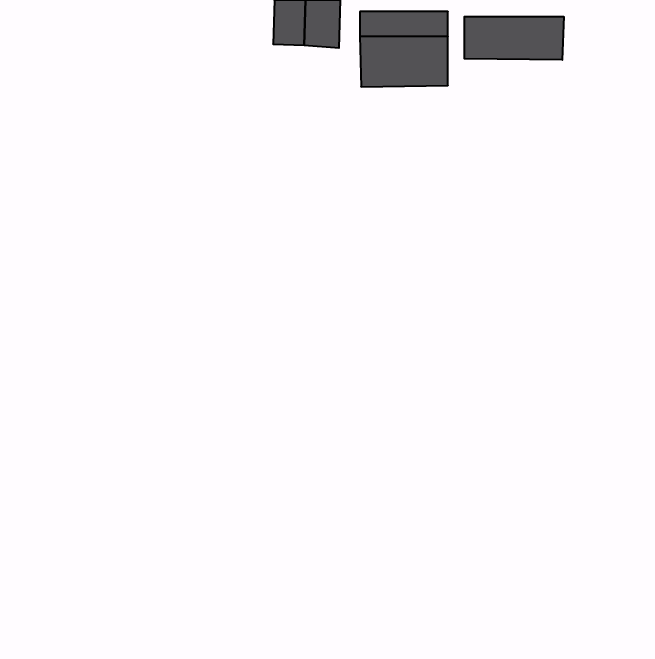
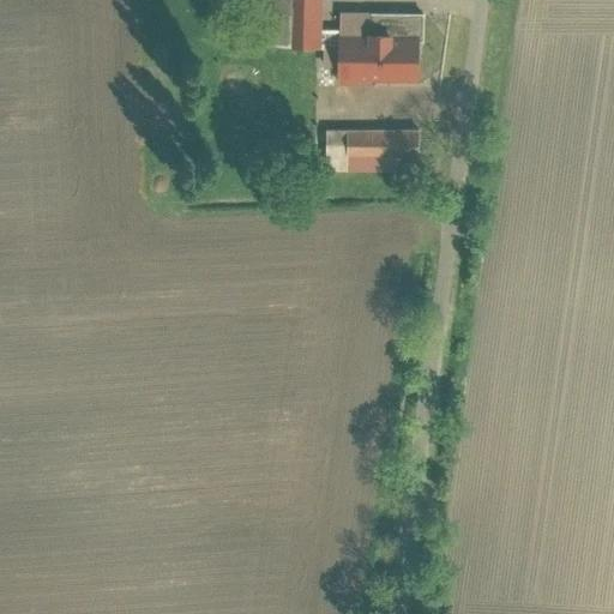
building: [464,17,564,60] -> none
building: none -> [327,130,415,171]

